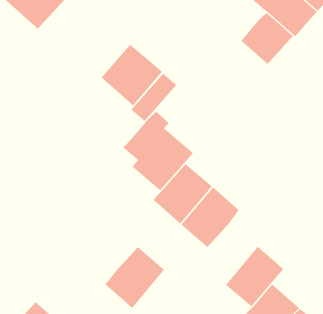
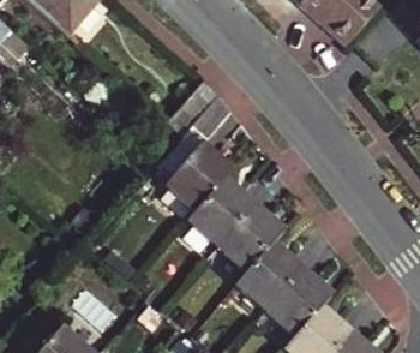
building: [241,12,294,65] -> none
building: [101,44,163,106] -> none
building: [105,246,165,309] -> [242,243,307,310]

